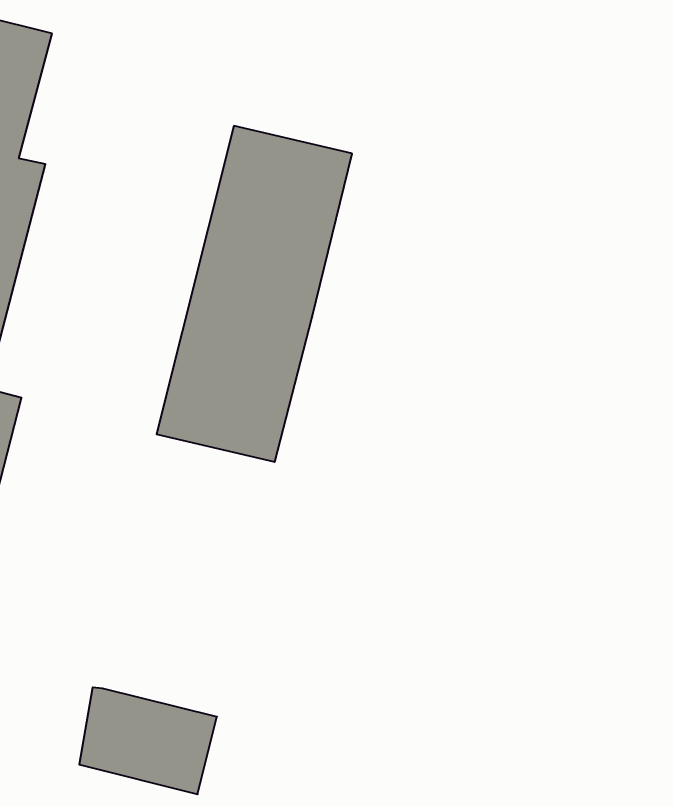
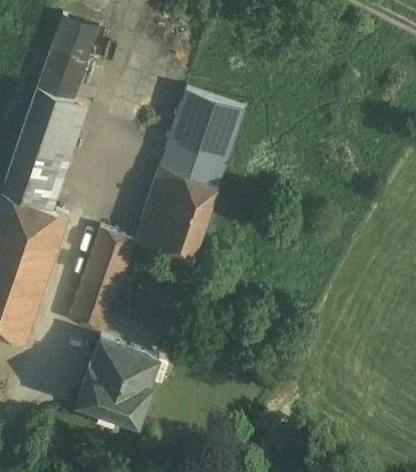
building: none -> [67,229,132,332]
building: none -> [94,339,160,386]

